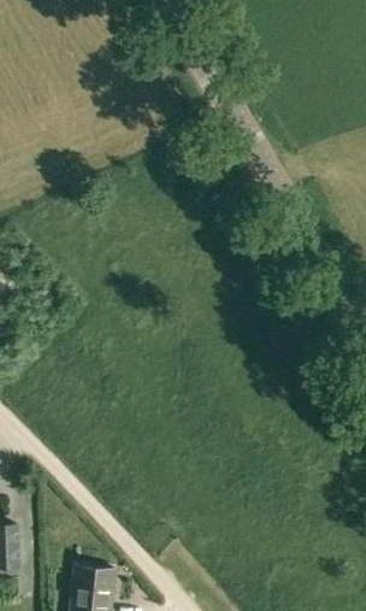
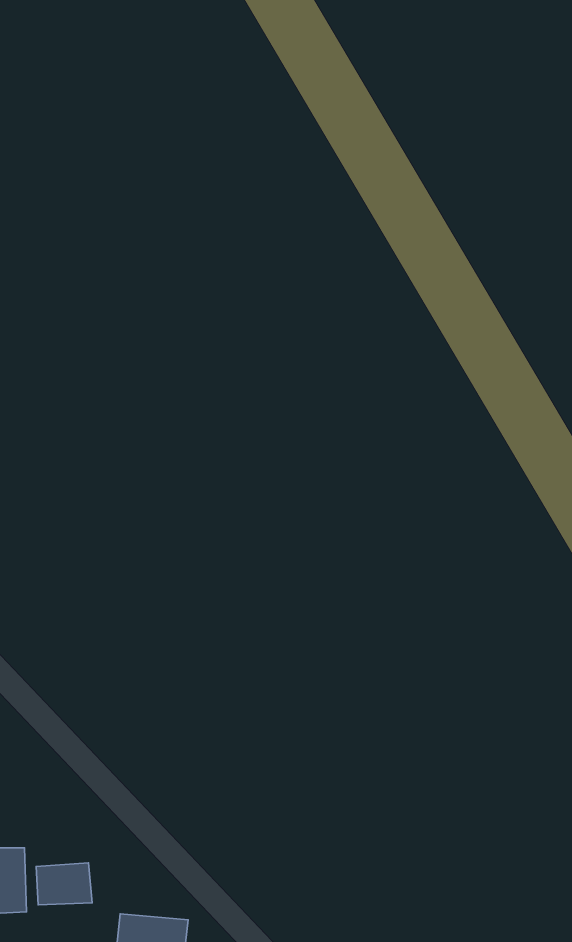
building: none -> [36,863,92,905]

